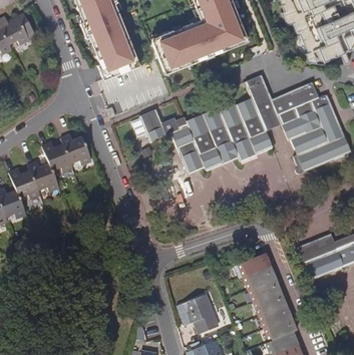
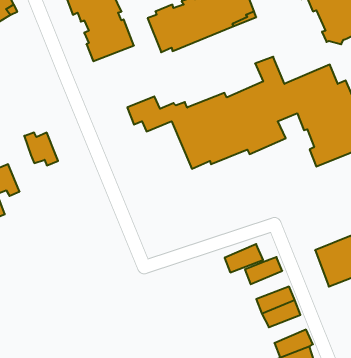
building: [60,134,90,164] -> none
building: [27,160,57,191] -> none
building: [242,265,276,290] -> [225,244,263,272]
building: [176,296,217,335] -> none
building: [258,304,291,329] -> none

